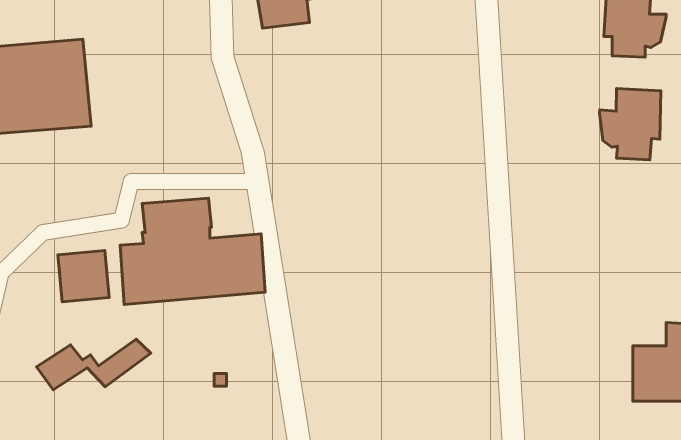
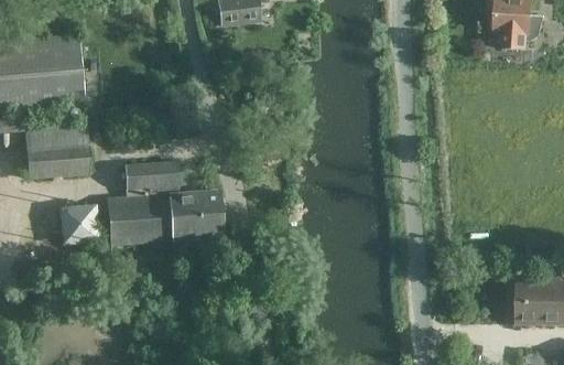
building: [599,89,661,160] -> none
building: none -> [24,119,91,179]
building: [36,339,151,390] -> none

